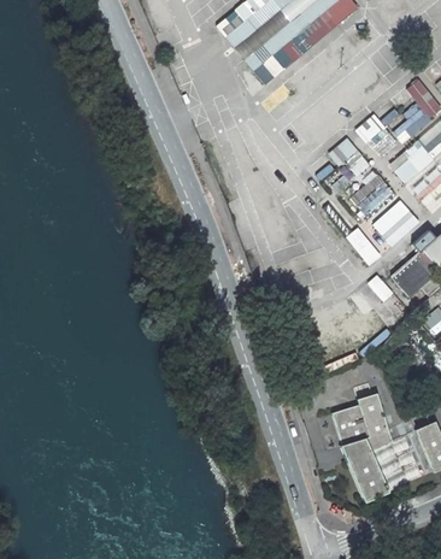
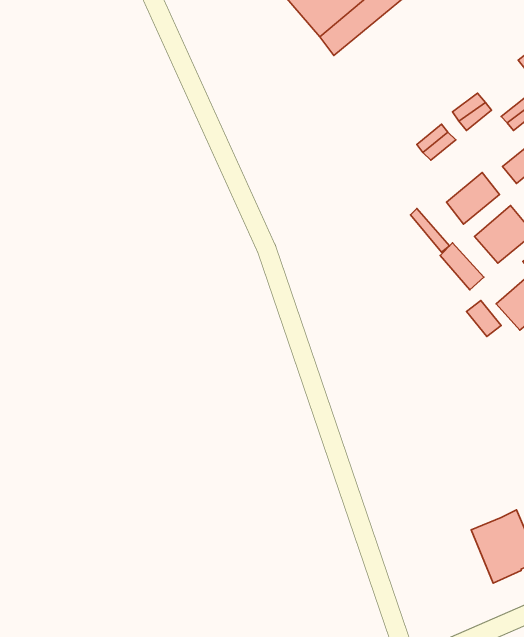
building: [331,393,394,502] -> none

